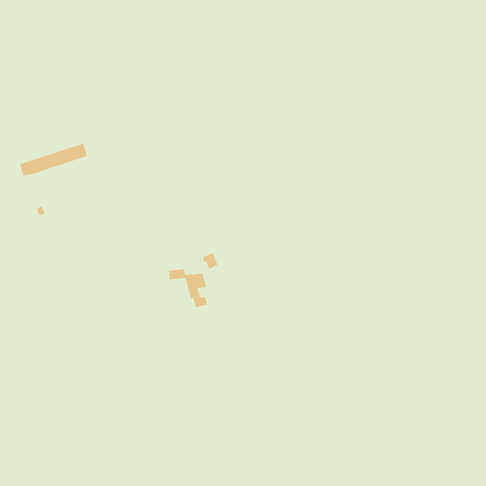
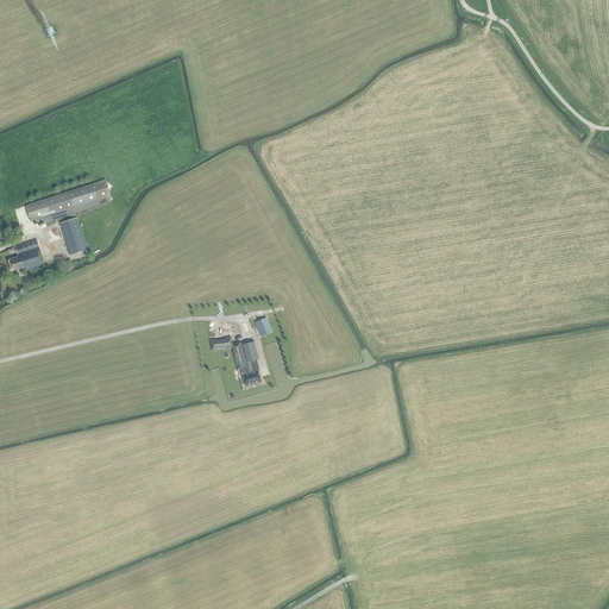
building: none -> [57,212,86,253]
building: none -> [7,239,43,270]

